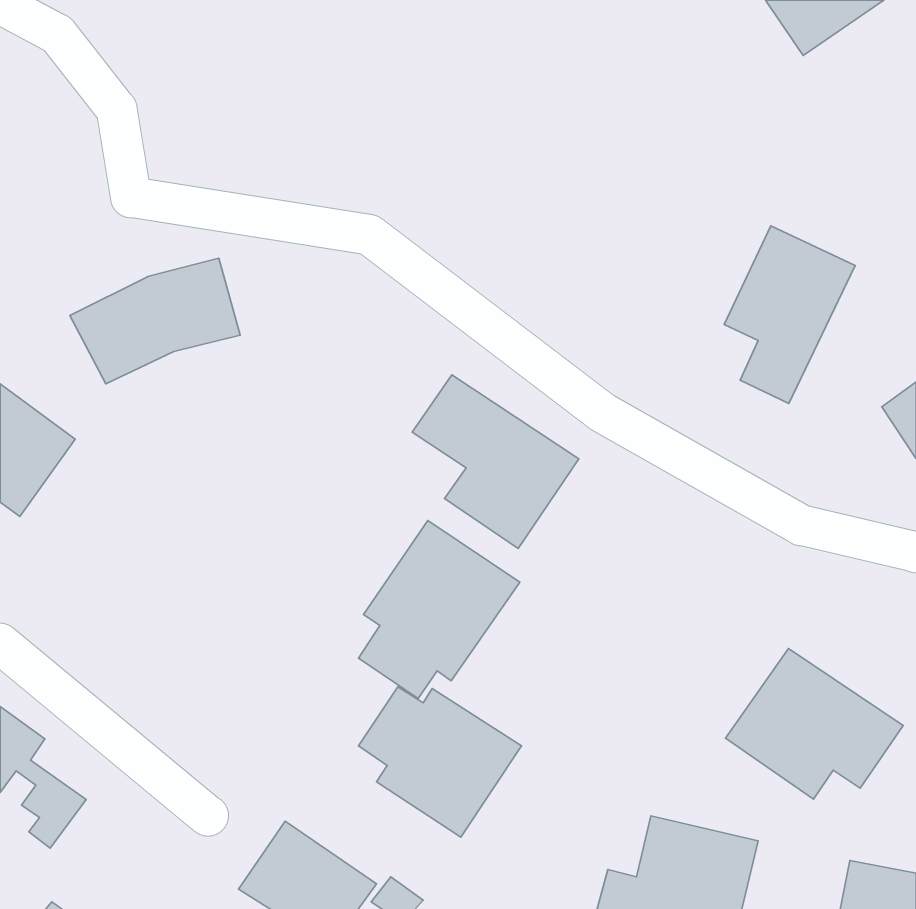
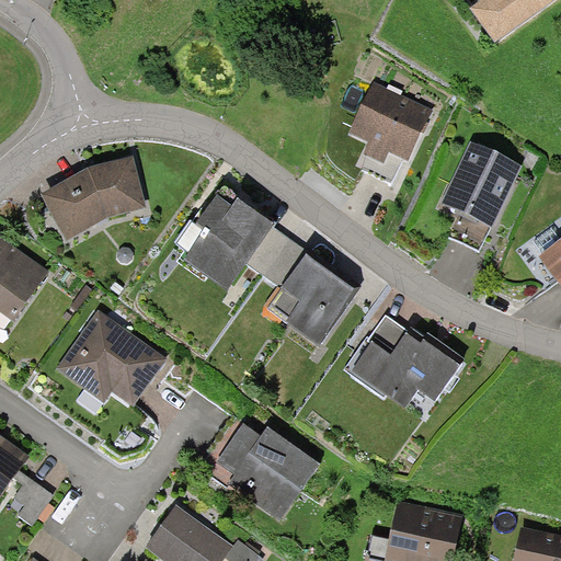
building: none -> [350,83,432,162]
building: none -> [184,195,270,287]
building: none -> [57,311,165,405]
building: [358,520,520,698] -> none
building: [726,648,903,799] -> [350,312,458,404]

